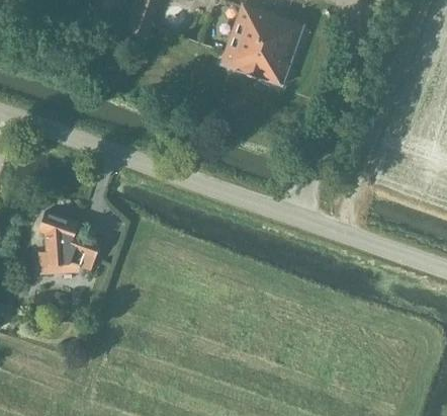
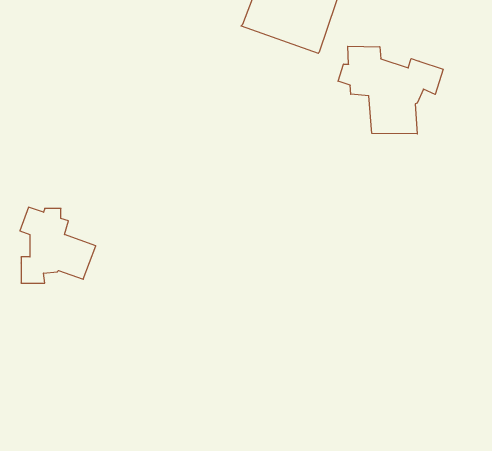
building: none -> [338,46,443,134]

